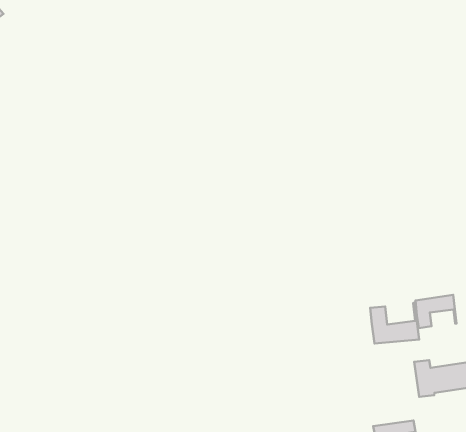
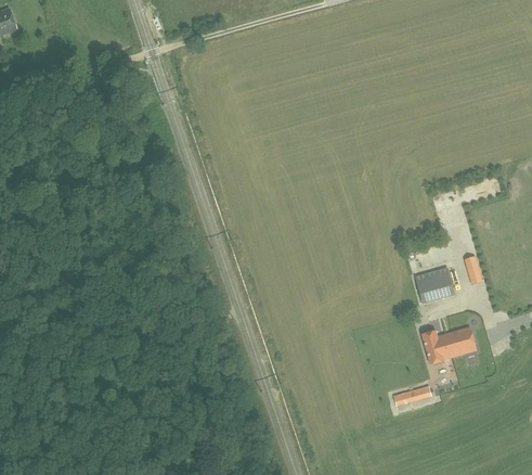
building: [370,302,419,343] -> none

